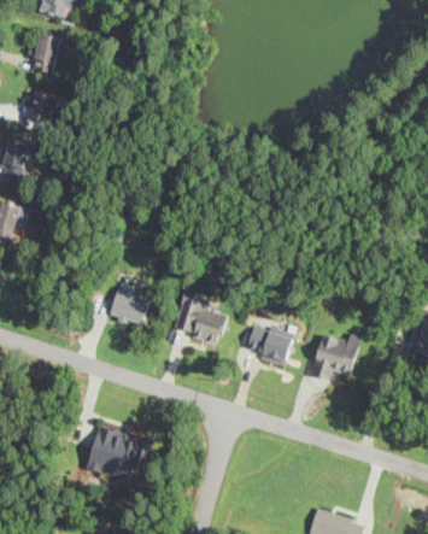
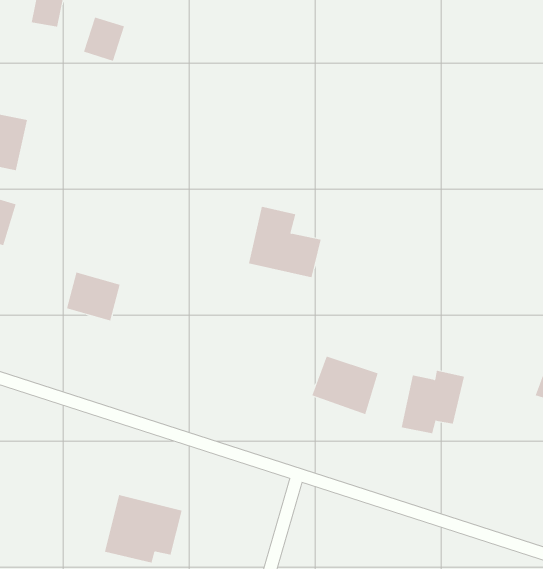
building: [27,89,58,123] -> [83,17,125,61]
building: [110,288,151,325] -> [66,272,121,321]
building: [174,289,229,344] -> [248,206,322,278]

